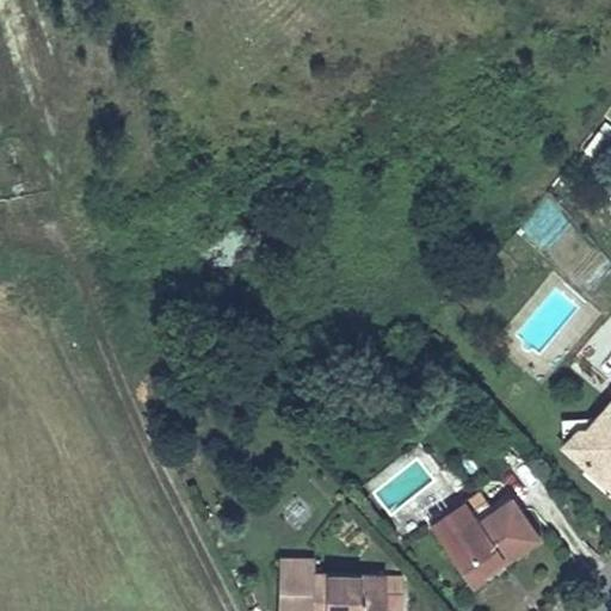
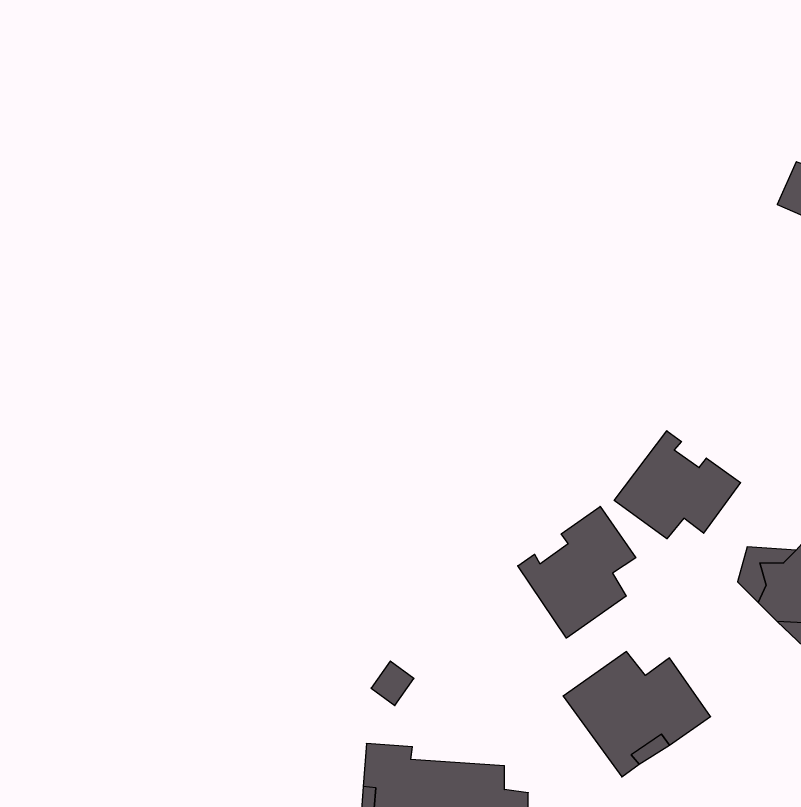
building: none -> [614,431,741,539]
building: none -> [518,506,636,638]

